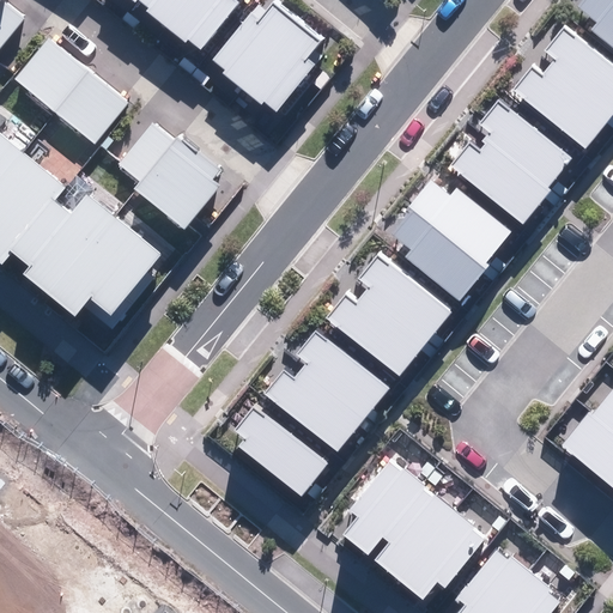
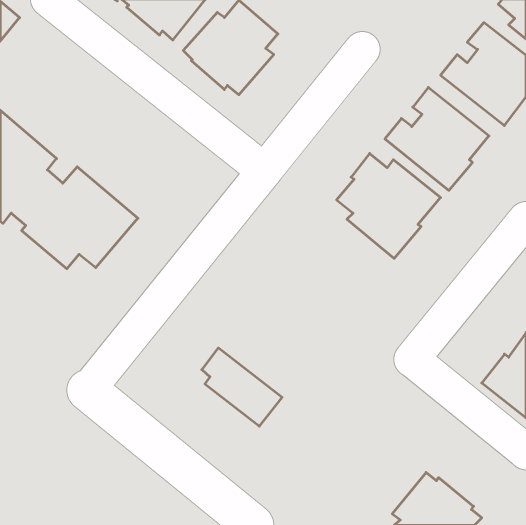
building: [11,38,127,147] -> none
building: [114,126,220,229] -> none
building: [326,253,453,376] -> none
building: [263,330,389,451] -> none
building: [342,459,486,599] -> none

